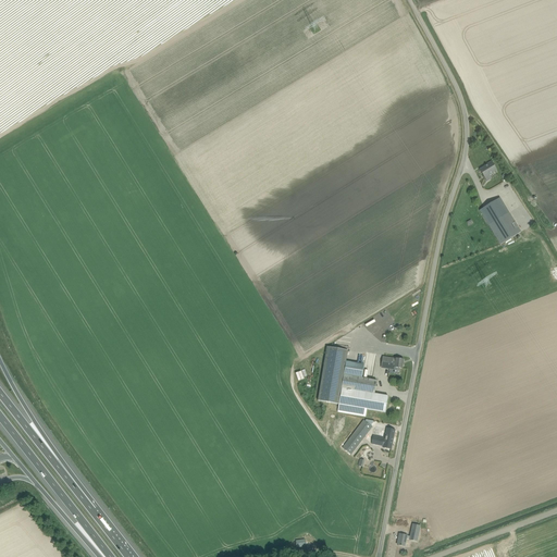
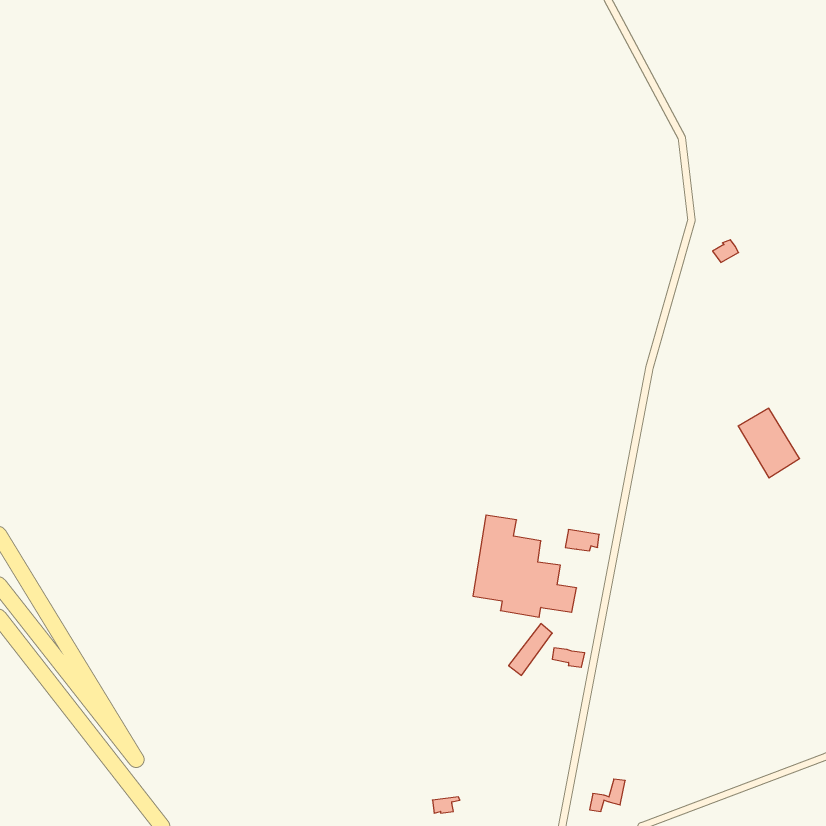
building: [479,197,520,244] -> [738,408,800,478]

